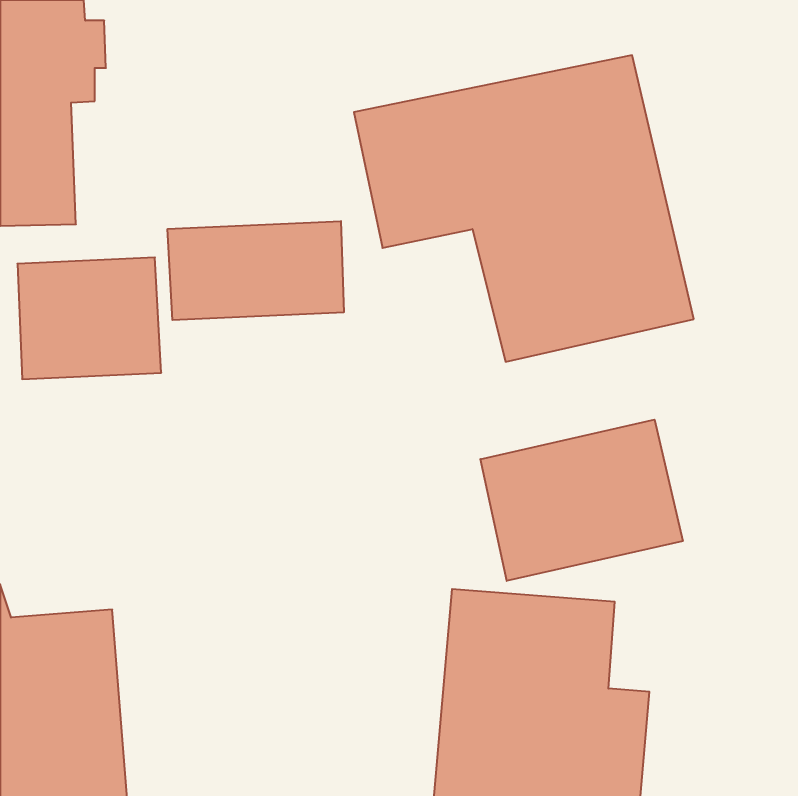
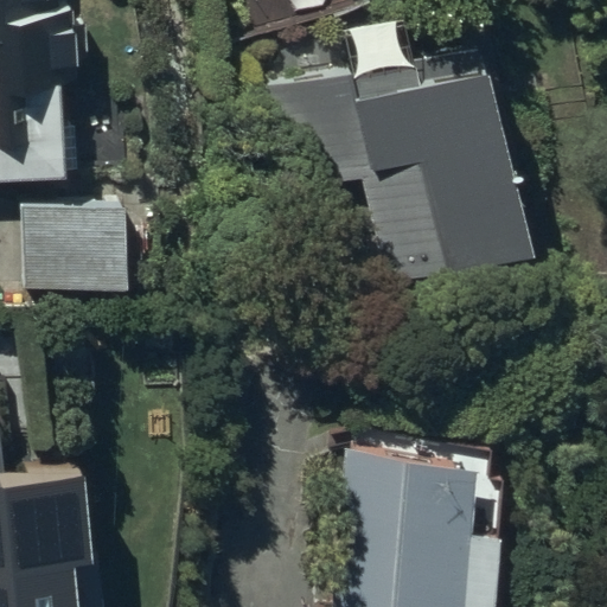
building: [168,221,344,320] -> none
building: [480,420,683,581] -> none

